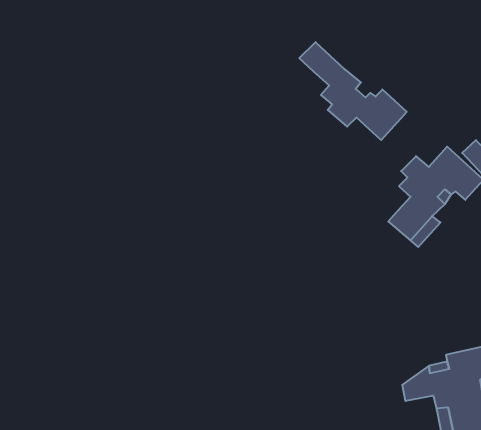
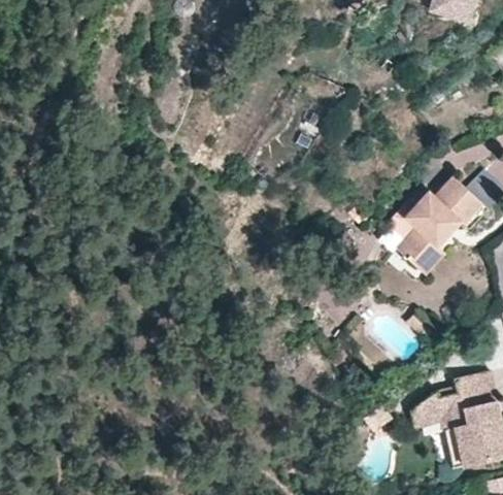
building: [299,42,407,140] -> none

